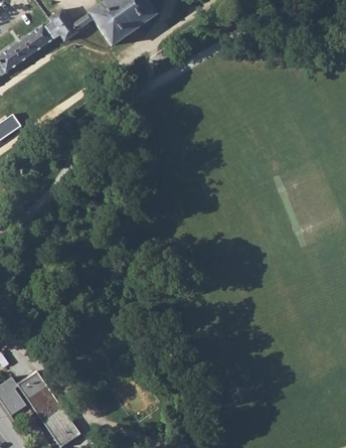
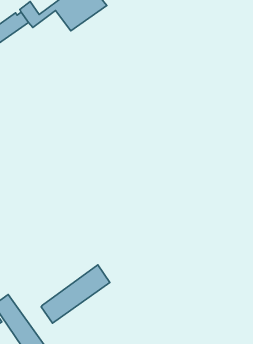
building: none -> [41,265,110,323]

